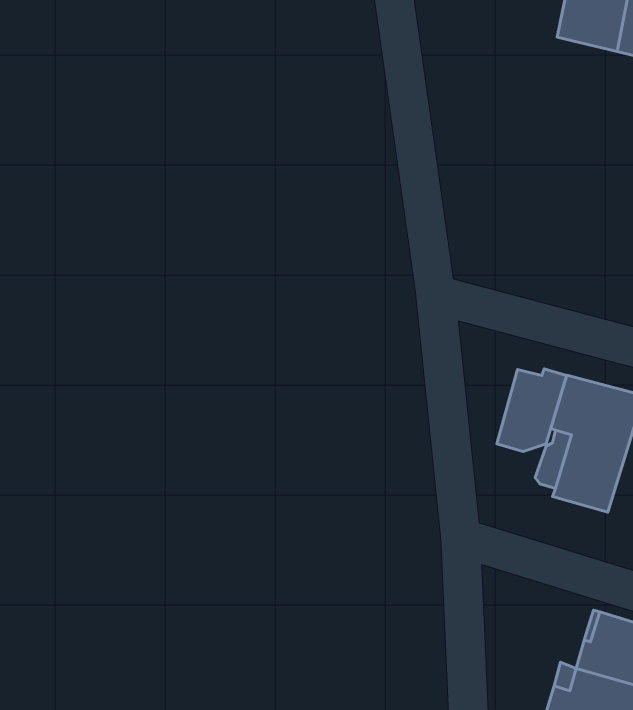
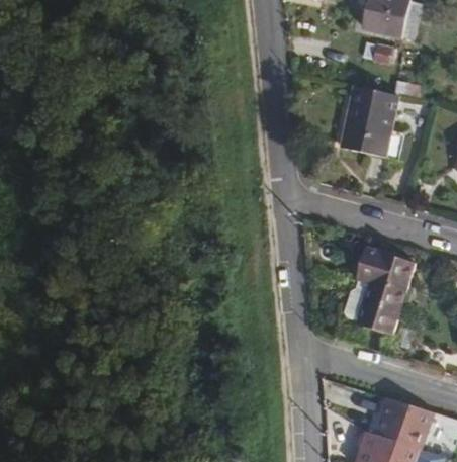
building: none -> [344,87,398,157]
building: [497,369,567,452] -> none

